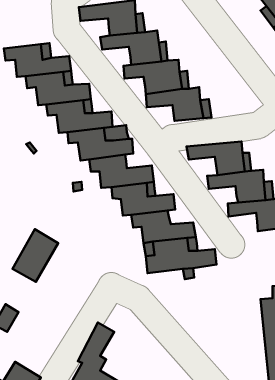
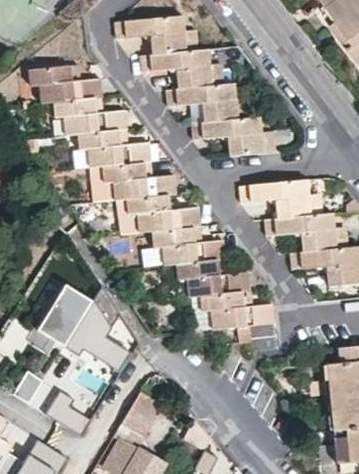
building: none -> [65,283,130,368]
building: none -> [47,388,92,433]

